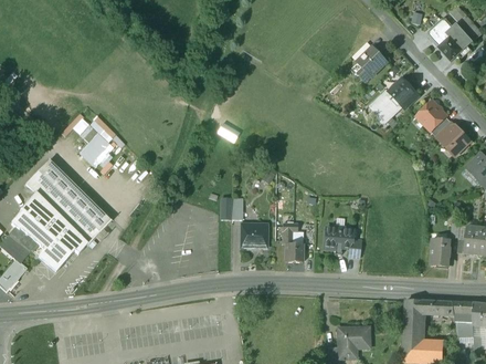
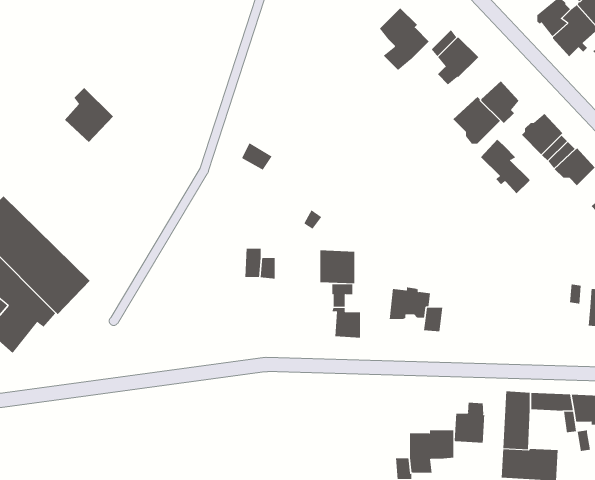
building: none -> [379,8,430,71]
building: none -> [480,139,530,194]
building: [81,134,116,174] -> [64,87,114,143]
building: [242,222,267,247] -> [319,250,355,284]
building: [431,239,451,266] -> none
building: none -> [454,402,485,443]

